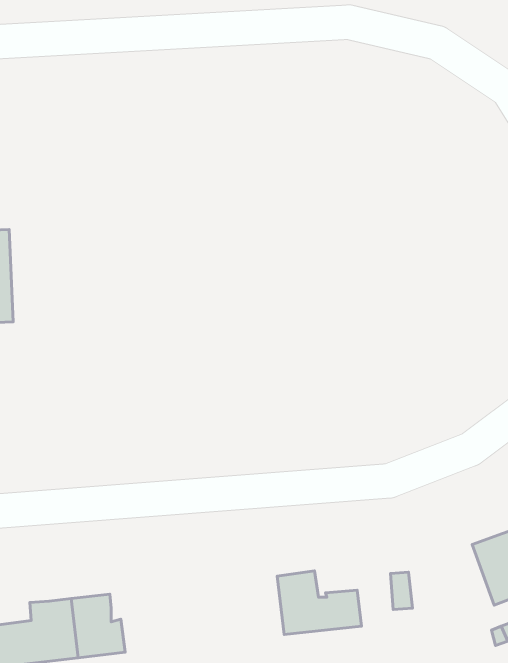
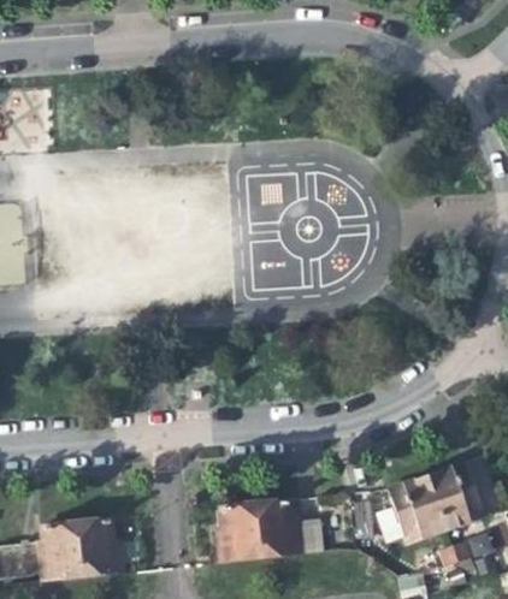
building: none -> [386,475,444,541]
building: none -> [215,503,261,558]

